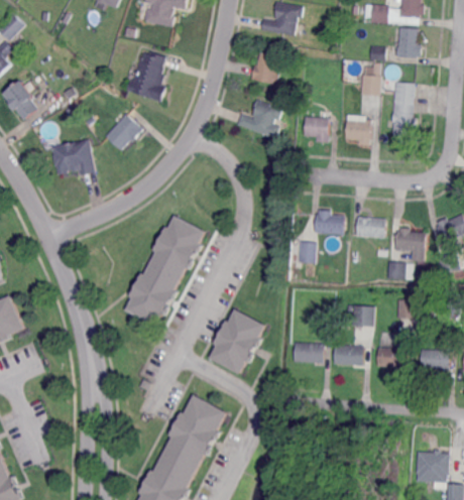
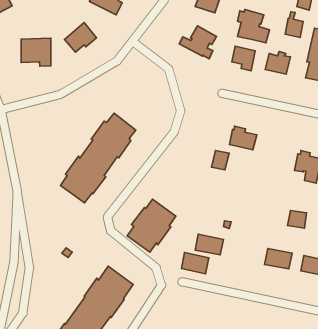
building: none -> [237,9,269,43]
building: [356,218,385,238] -> none
building: [387,262,412,281] -> none
building: [351,304,373,326] -> none
building: [333,345,363,366] -> [181,253,209,274]

